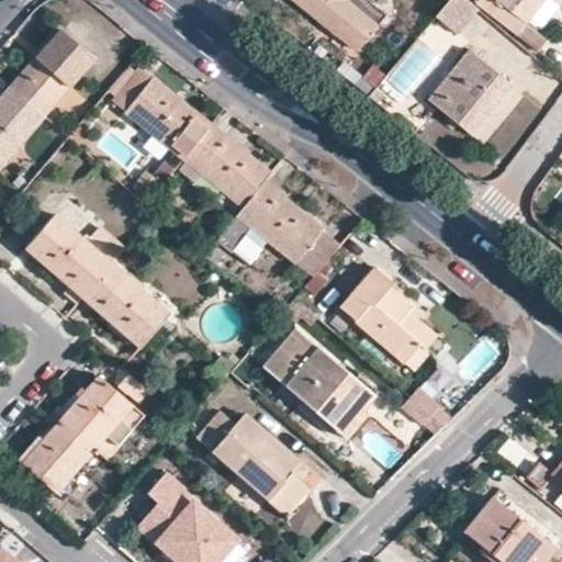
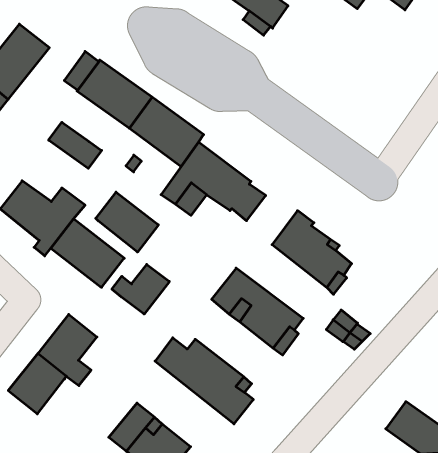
building: [430,52,512,134] -> none
building: none -> [49,122,102,168]
building: none -> [96,192,158,252]
building: none -> [112,264,169,314]

